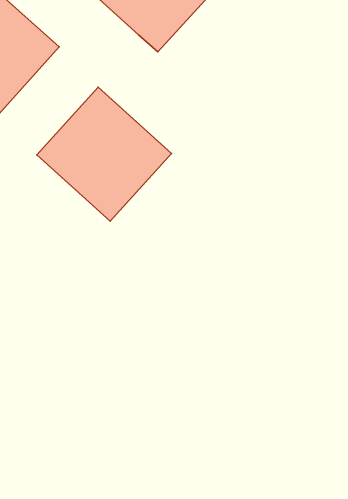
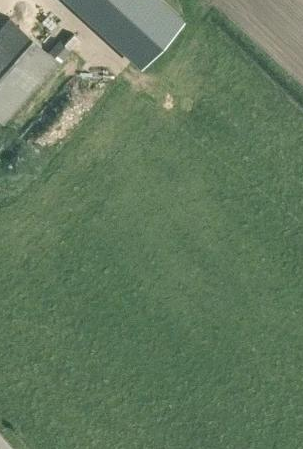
building: [37,87,172,221] -> none

